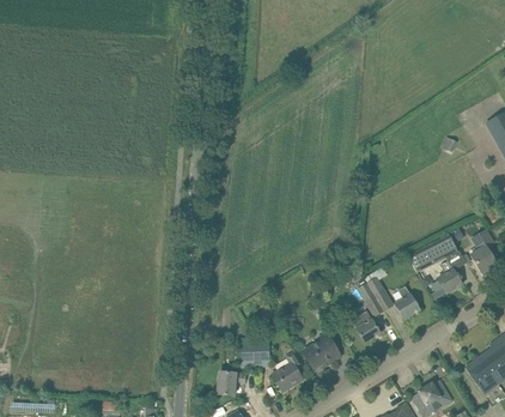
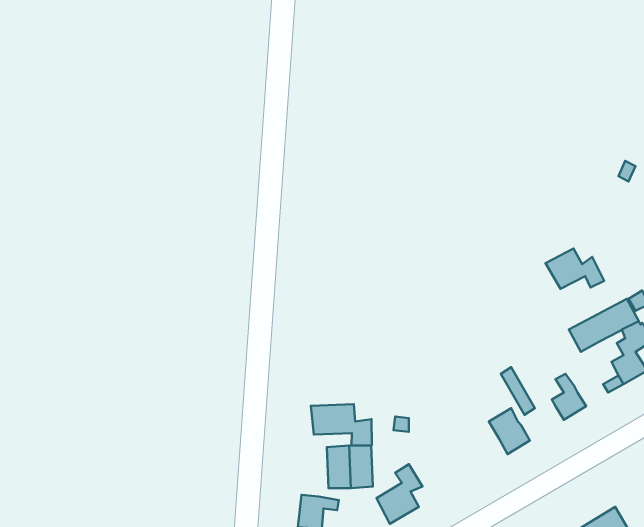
building: none -> [545,248,604,289]
building: [364,266,393,310] -> none
building: none -> [311,404,372,445]
building: [302,336,341,369] -> none

